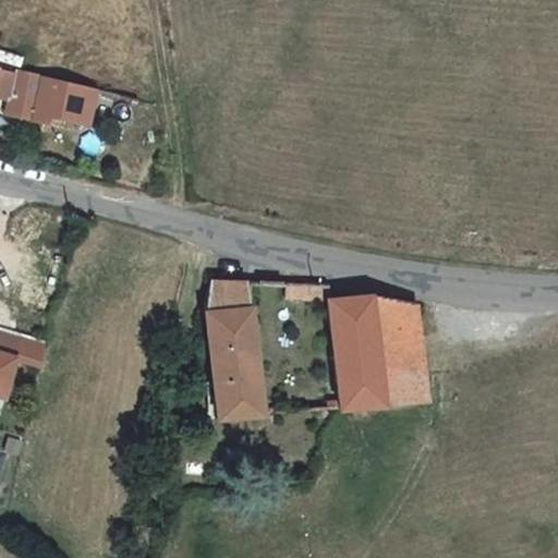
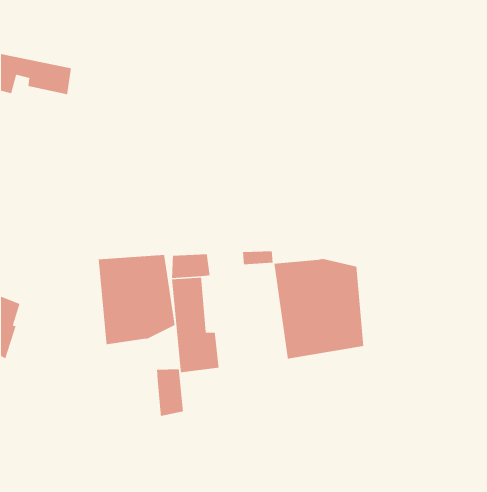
building: none -> [98,254,176,345]
building: none -> [156,369,184,417]

